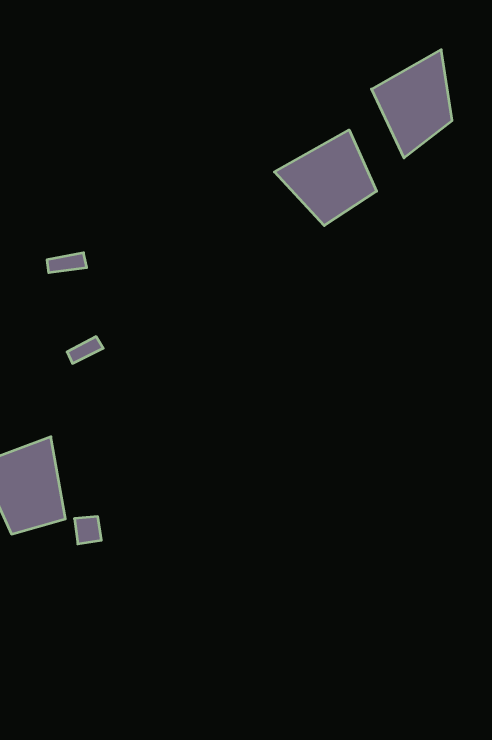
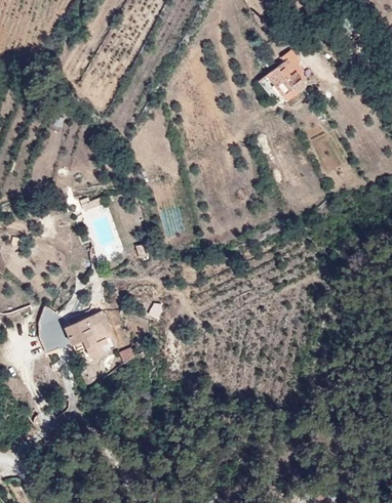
building: [274,130,377,226] -> none

